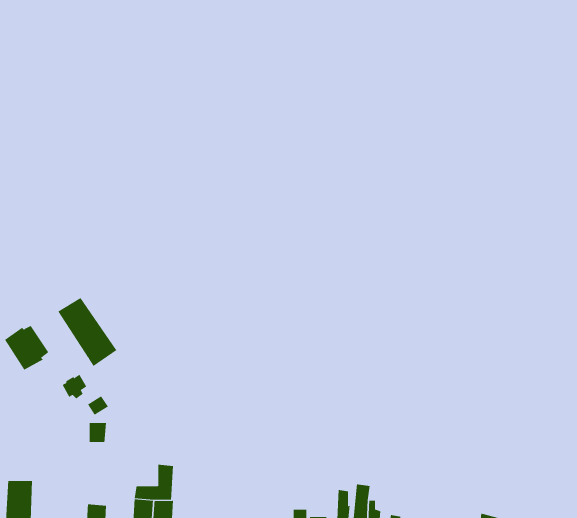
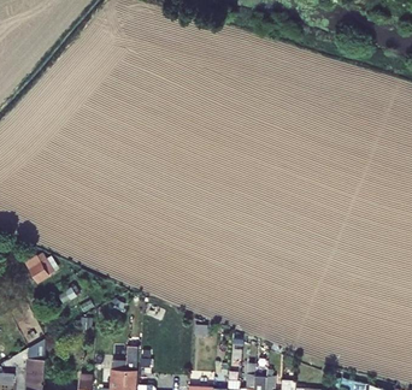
building: [57,297,117,367] -> none

